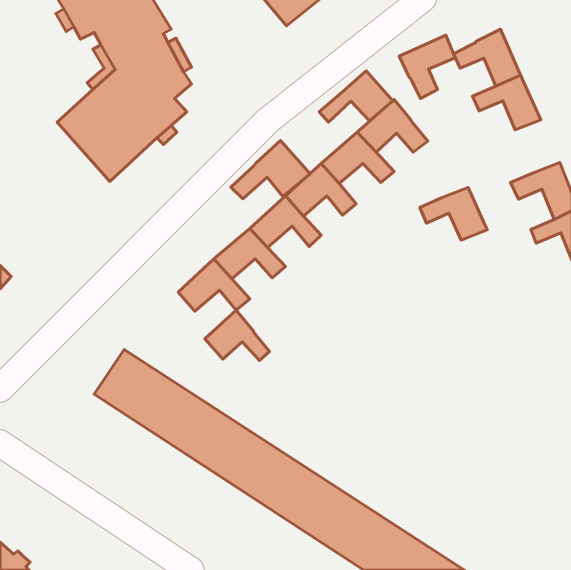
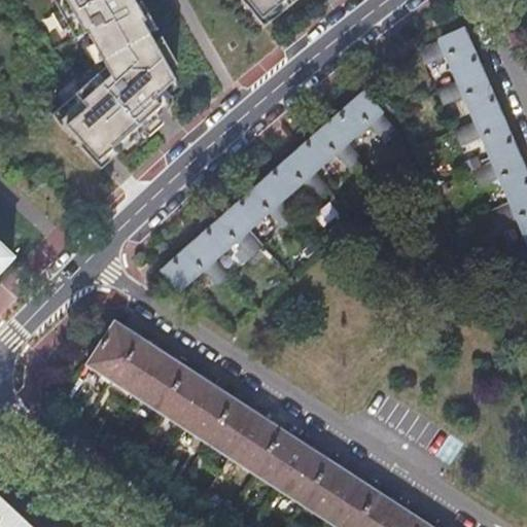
building: [399,35,455,99] -> none
building: [319,71,393,122] -> none
building: [231,140,310,199] -> none
building: [420,187,487,240] -> [454,110,516,159]
building: [205,310,270,360] -> none

